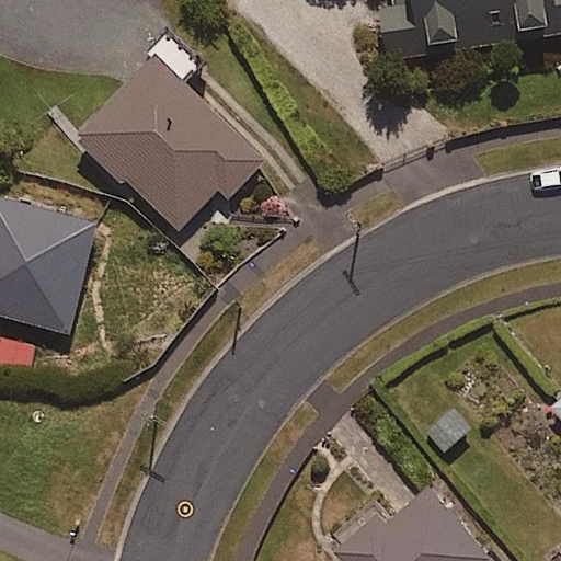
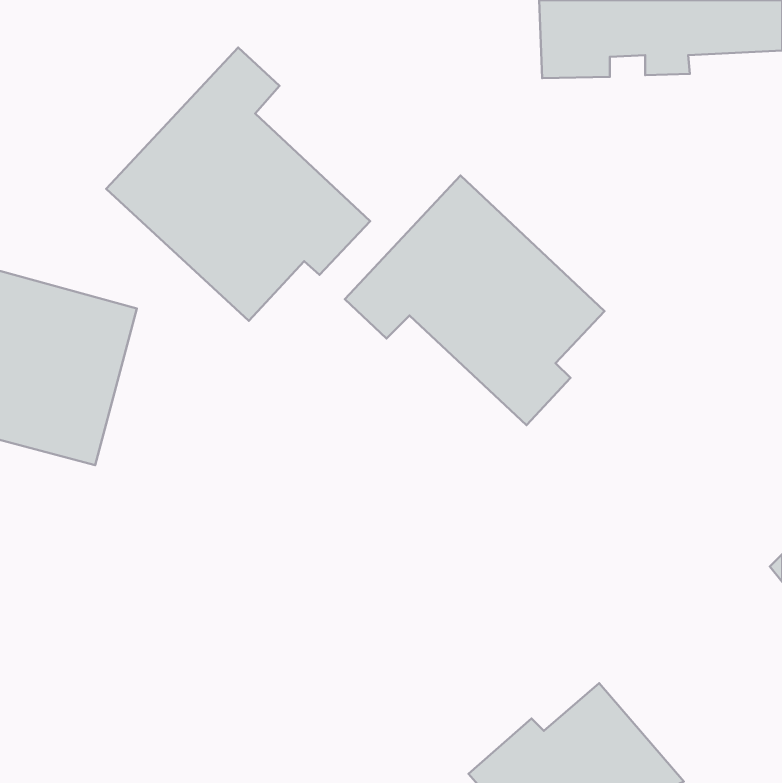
building: none -> [345,175,605,425]

